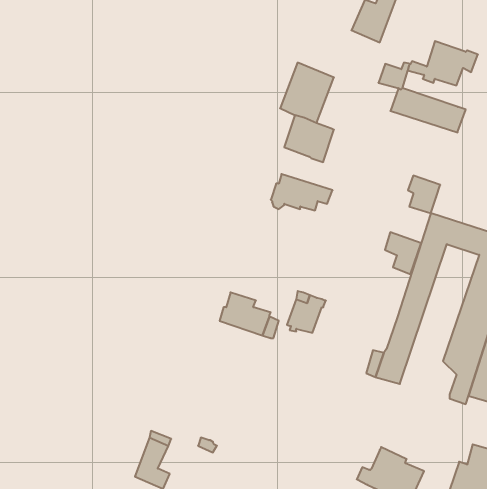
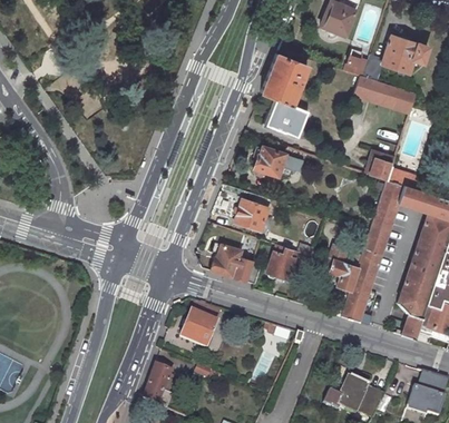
building: [385,232,421,274] -> [330,257,360,292]
building: none -> [236,199,271,230]
building: none -> [179,299,219,346]

